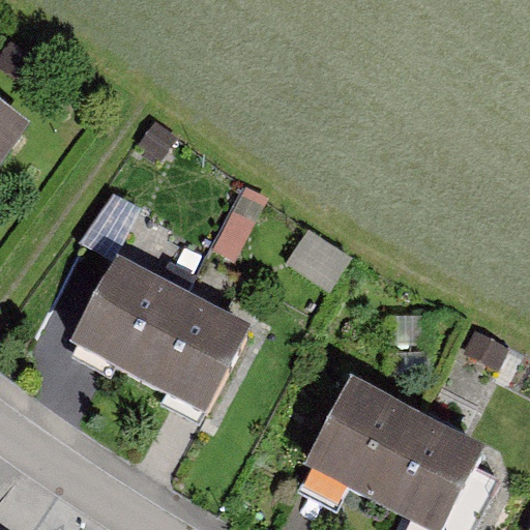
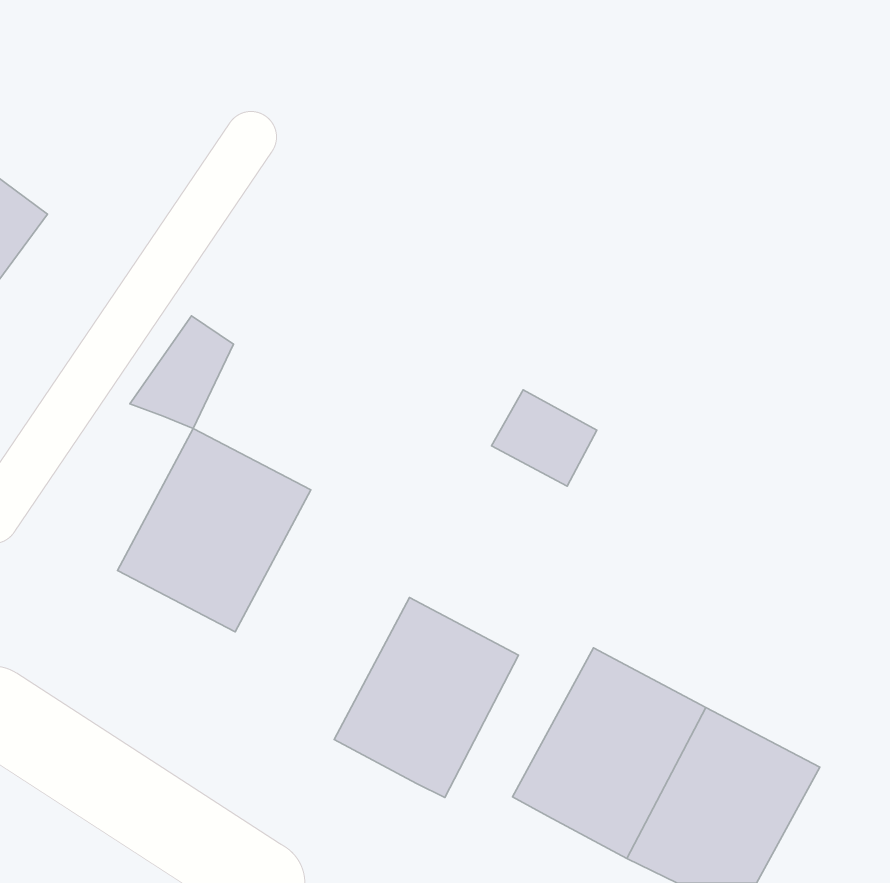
building: [139,289,247,407] -> [334,597,518,797]

